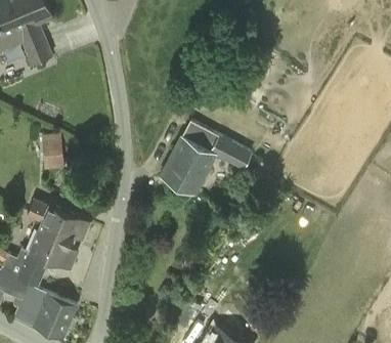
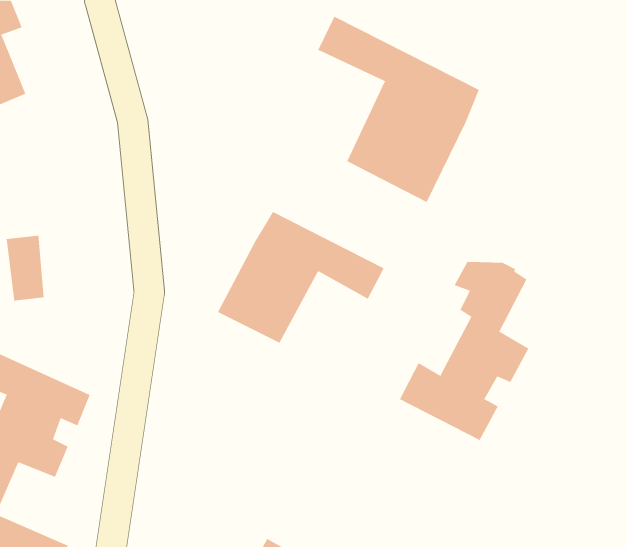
building: none -> [318,16,480,203]
building: none -> [399,261,529,441]

